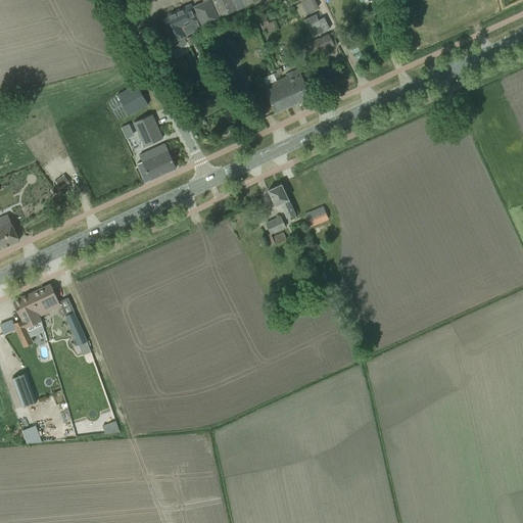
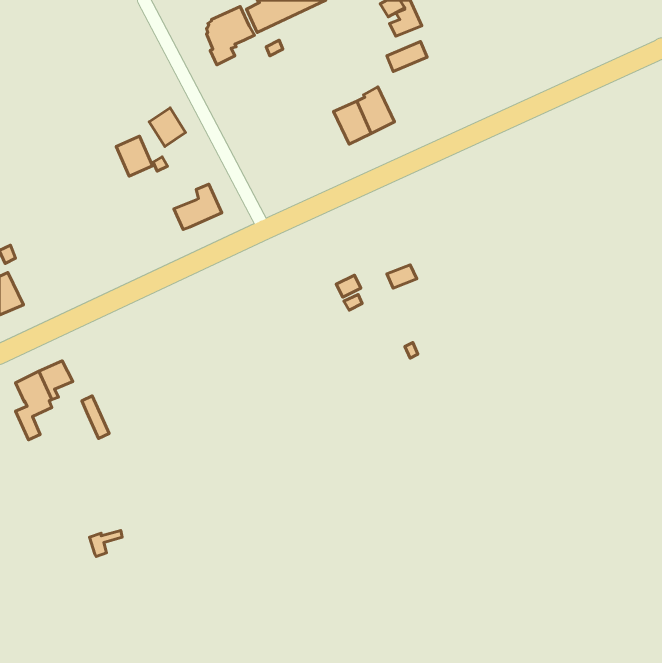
building: [133,114,161,146] -> [116,136,152,176]
building: [267,184,294,218] -> none
building: [11,373,36,407] -> none

